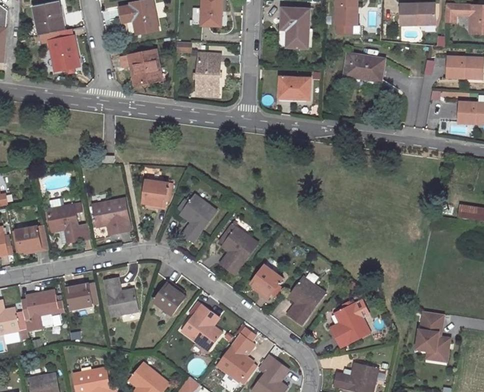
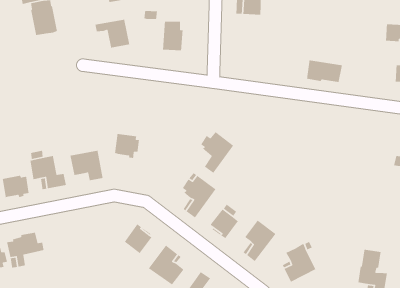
building: [343,53,384,79] -> [306,60,343,83]
building: [279,77,310,98] -> none
building: [177,194,215,242] -> [200,131,234,174]
building: [104,278,138,316] -> none
building: [66,283,98,309] -> none

